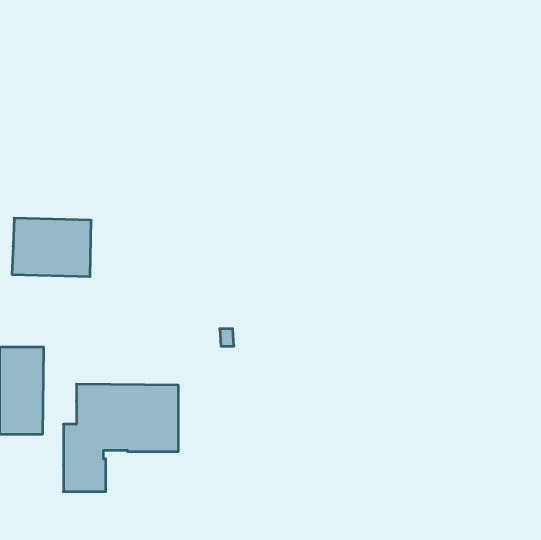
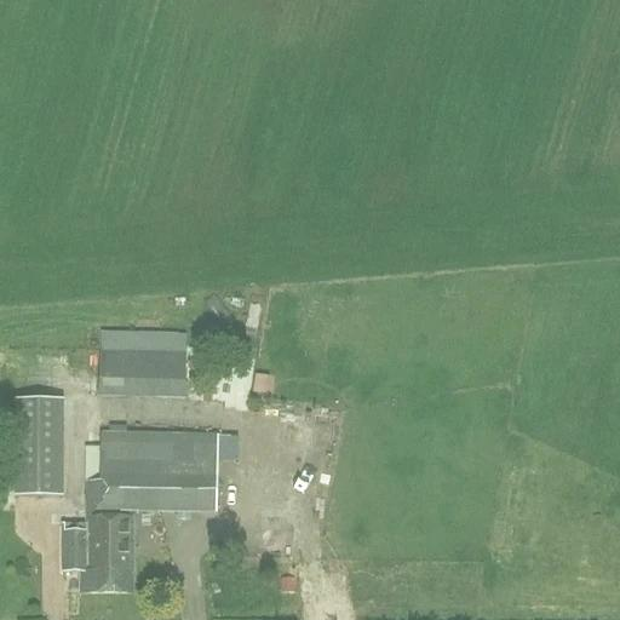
building: [12,218,91,277] -> [98,332,186,397]
building: none -> [62,523,133,591]

